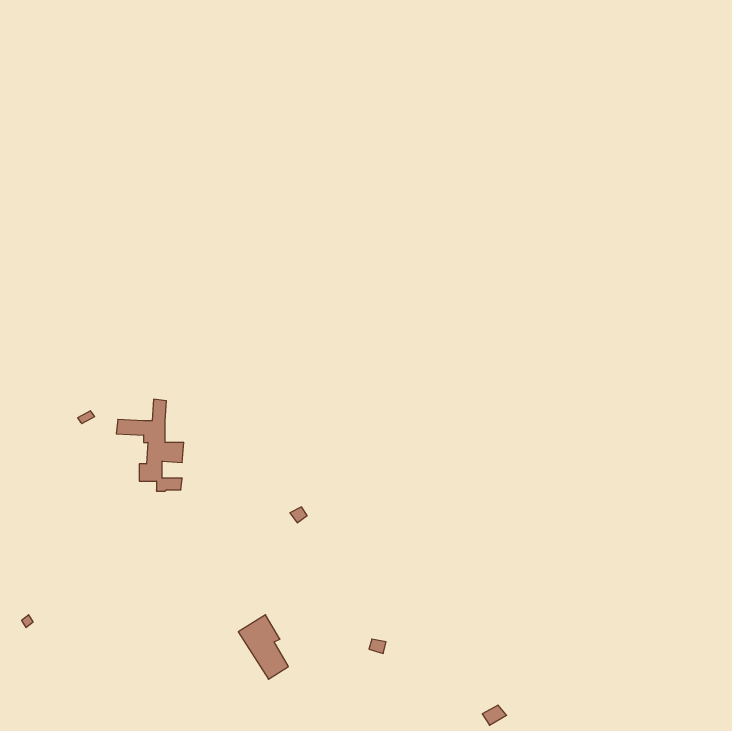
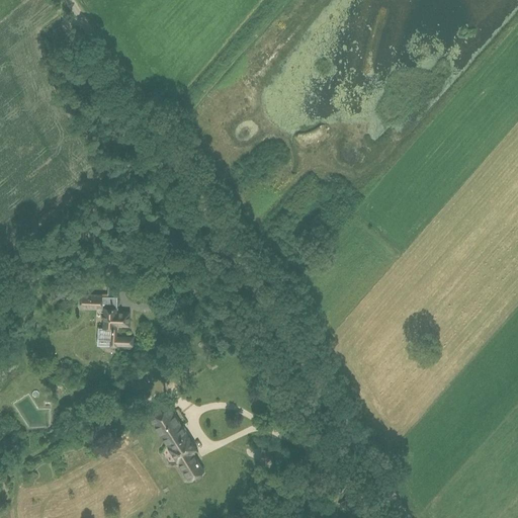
building: none -> [149,402,188,447]

